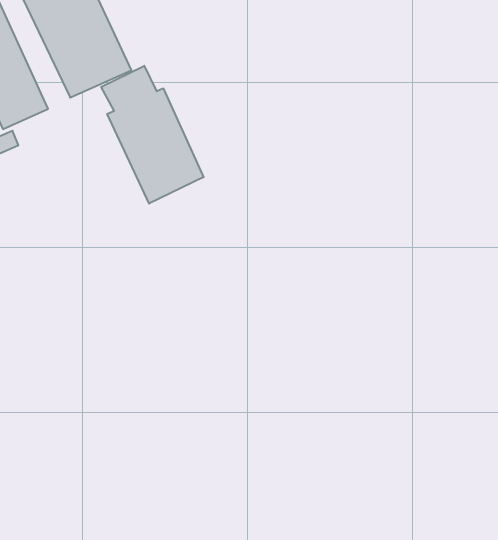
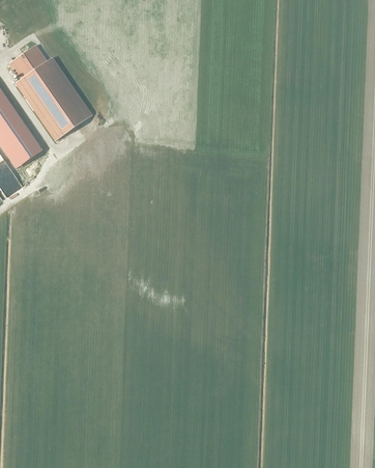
building: [101,66,204,204] -> none

